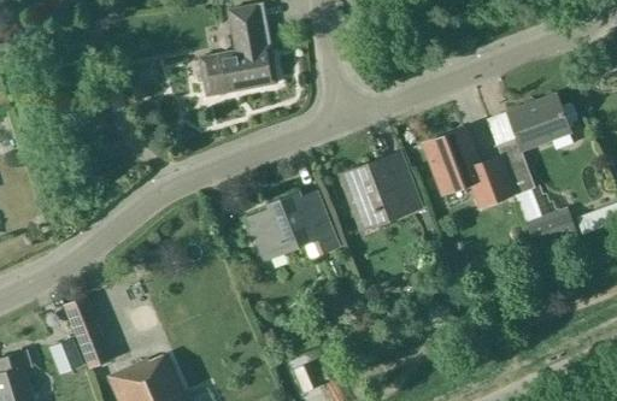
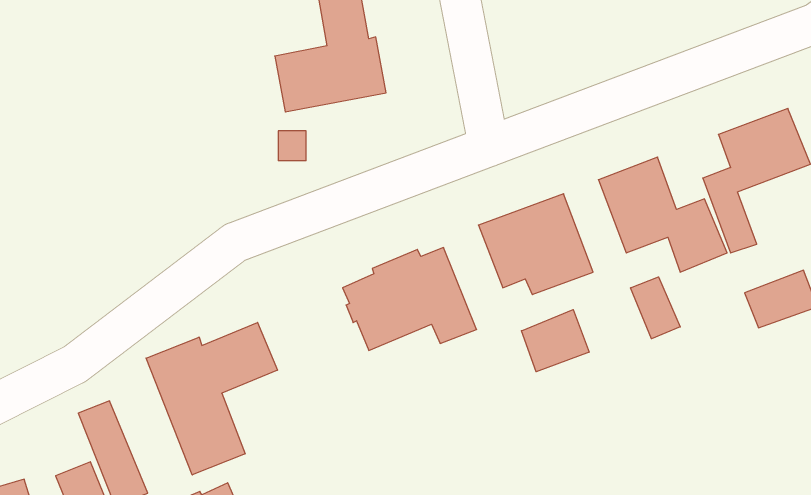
building: none -> [631,277,680,339]
building: none -> [521,310,589,372]
building: none -> [146,322,277,475]

